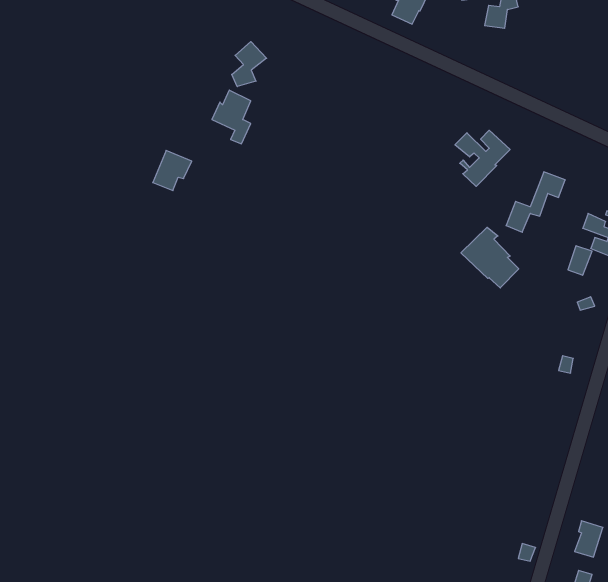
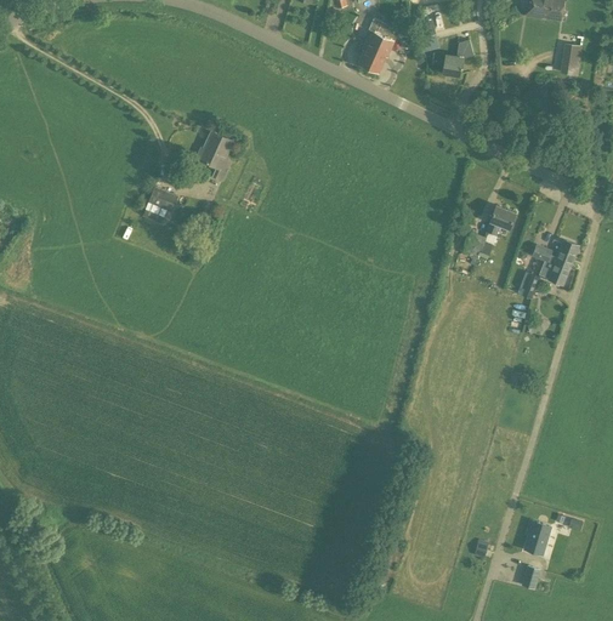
building: [232,42,267,87] -> none
building: [455,130,510,186] -> none
building: [461,227,519,288] -> none

